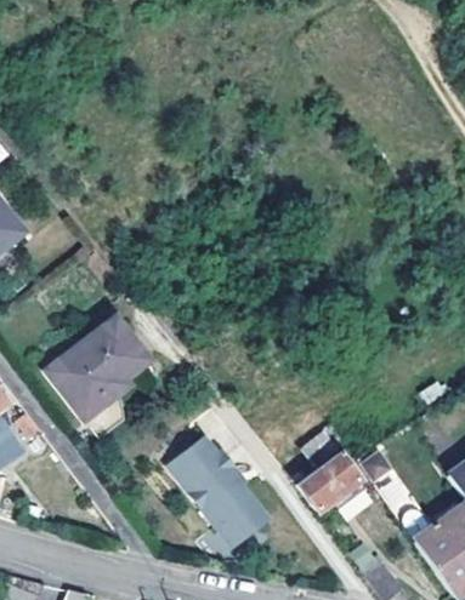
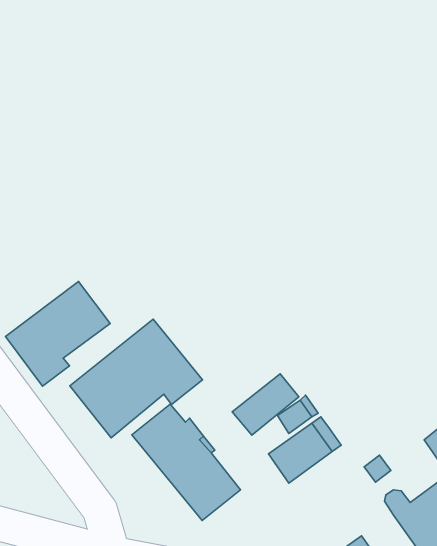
building: none -> [70,319,202,438]
building: none -> [232,374,299,435]

